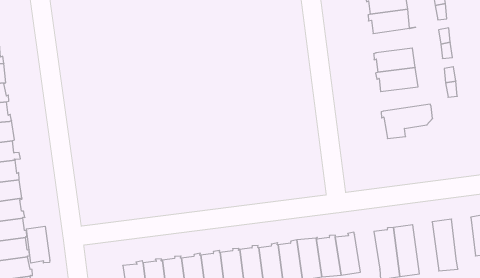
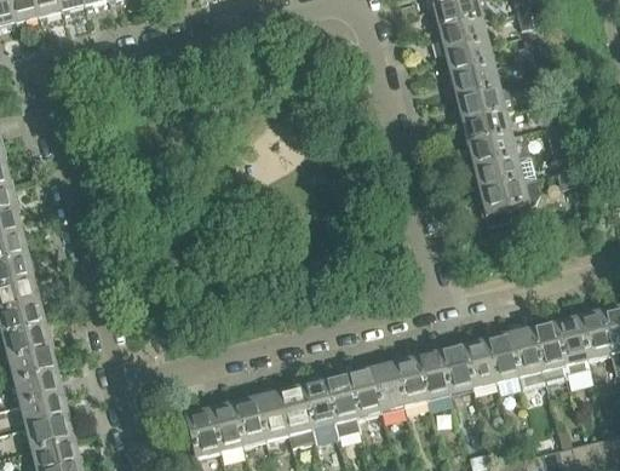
building: none -> [453,87,512,124]
building: none -> [470,155,534,193]
building: none -> [575,309,609,361]
building: none -> [529,320,567,384]
building: [26,226,50,263] -> none
building: none -> [460,337,495,390]

